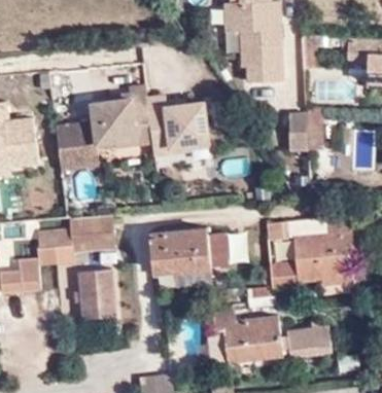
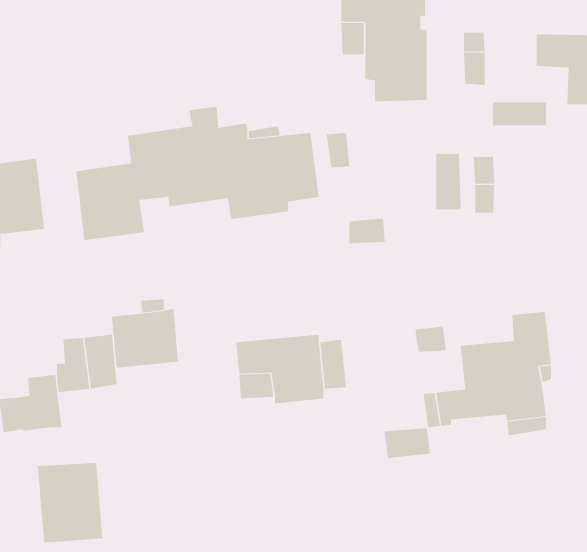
building: [78,262,120,314] -> [37,463,103,543]
building: [214,312,334,364] -> none

